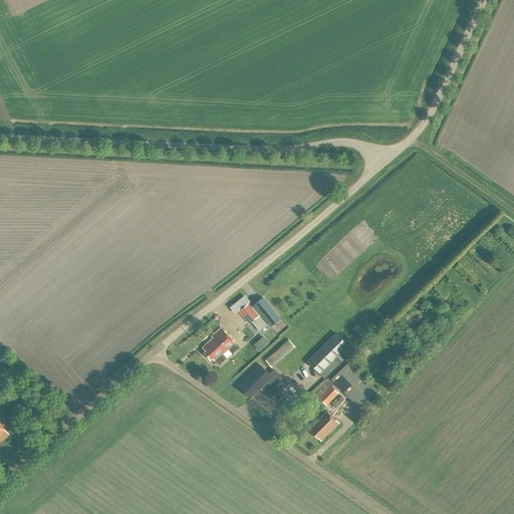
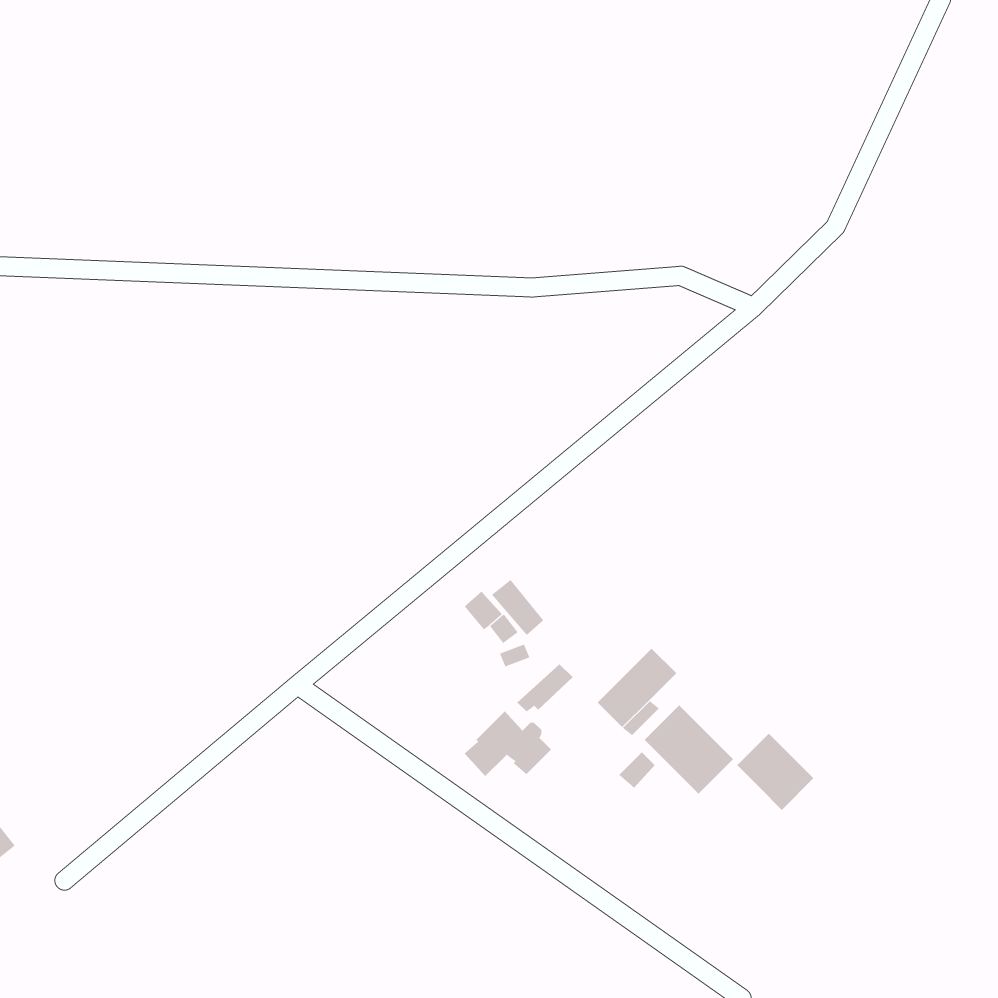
building: [201,327,238,365] -> none
building: none -> [736,733,814,811]
building: [308,411,338,441] -> none

